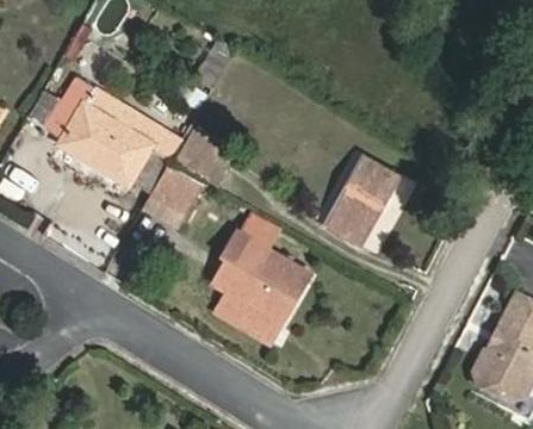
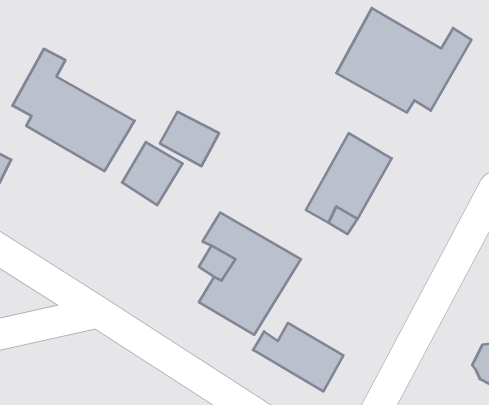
building: none -> [336,8,471,112]
building: none -> [253,323,343,391]

